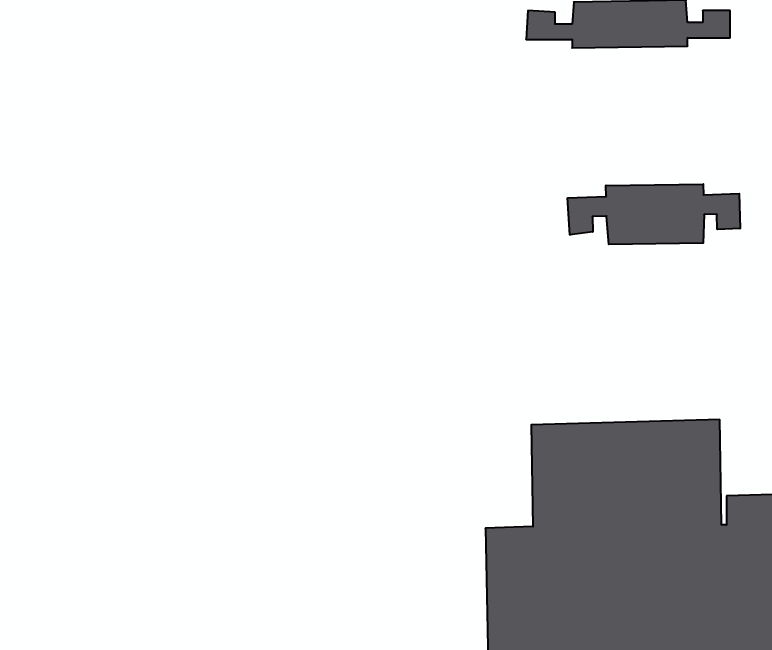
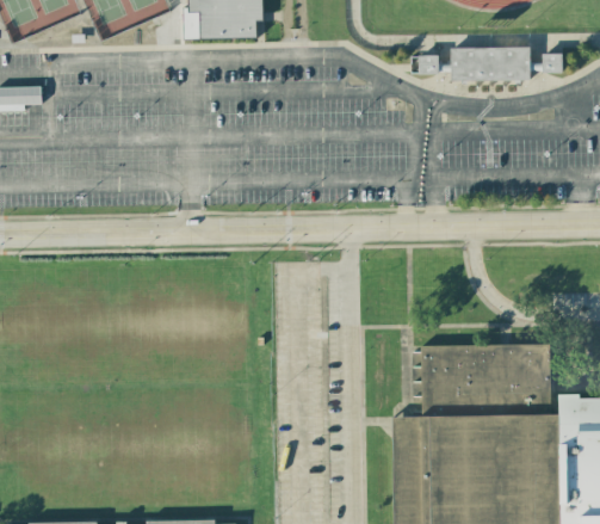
building: [568,184,740,244] -> none

